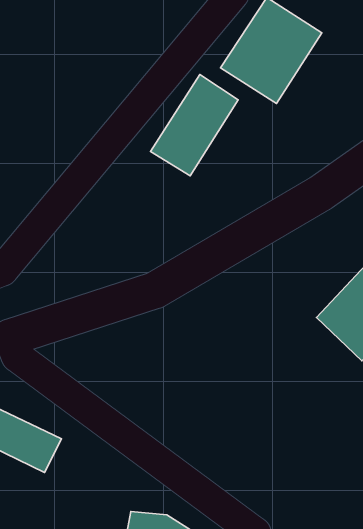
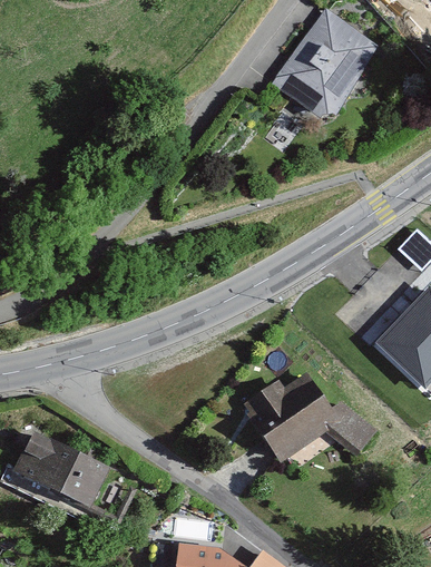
building: [150,75,238,176] -> none
building: none -> [245,378,372,459]

